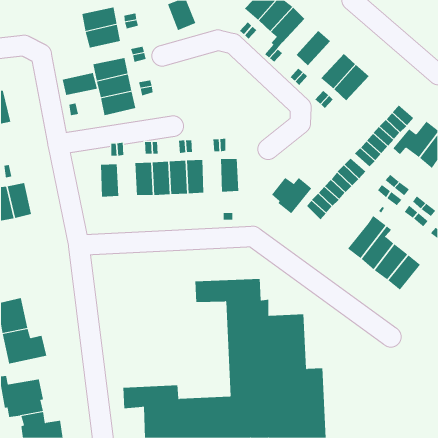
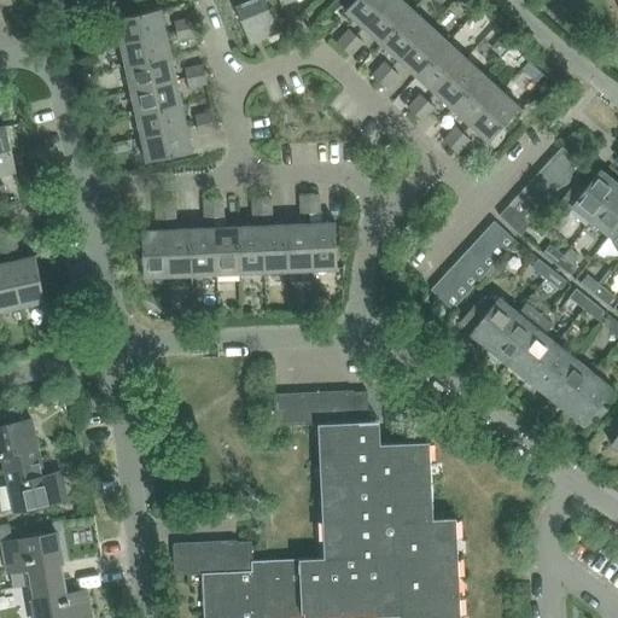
building: none -> [398,27,448,77]
building: none -> [433,58,484,110]
building: [62,72,98,96] -> [126,58,176,91]
building: none -> [286,223,311,272]
building: none -> [165,229,192,276]
building: [271,177,312,214] -> [460,298,518,350]
building: none -> [564,373,612,428]

